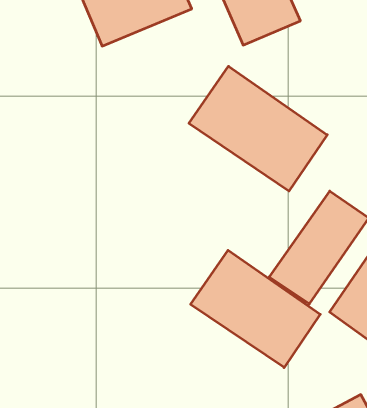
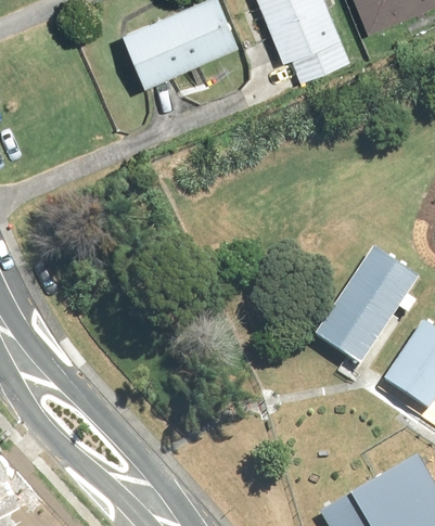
building: [189,66,327,191] -> none
building: [191,250,320,368] -> none

